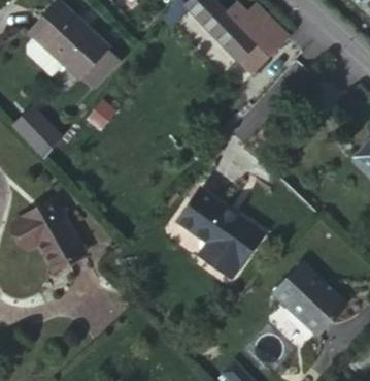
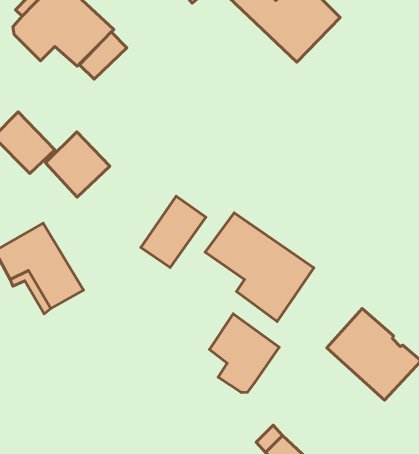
building: none -> [46,132,110,197]
building: none -> [141,196,206,267]
building: none -> [209,314,279,393]

